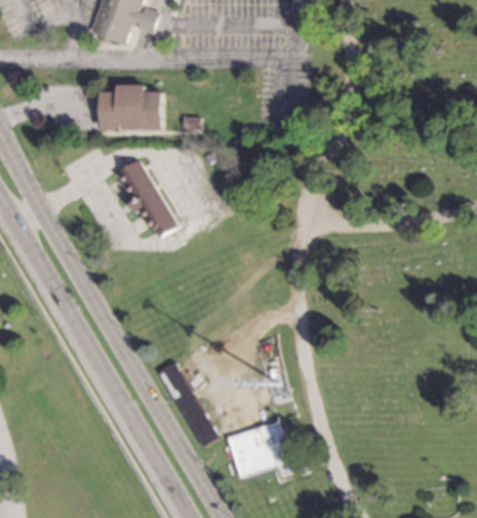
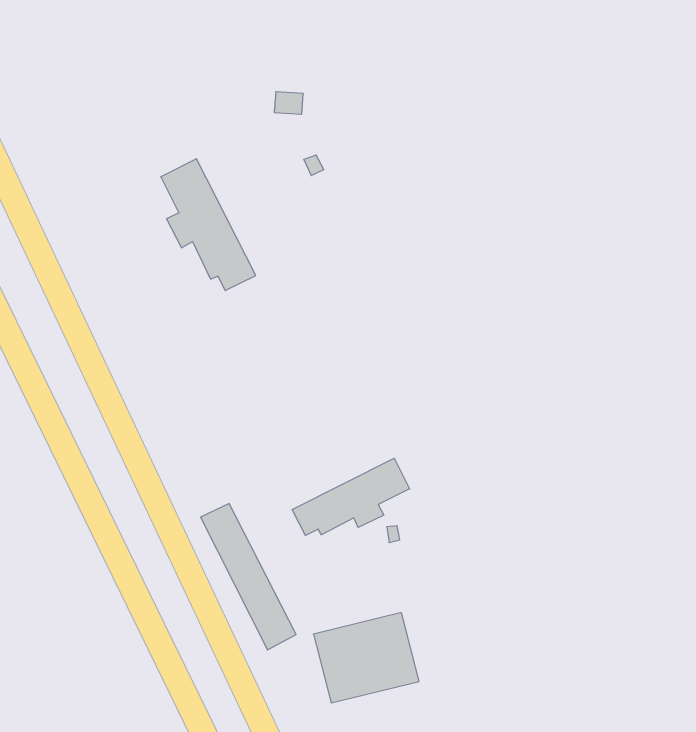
building: [100,84,161,129] -> none
building: none -> [292,458,410,535]

